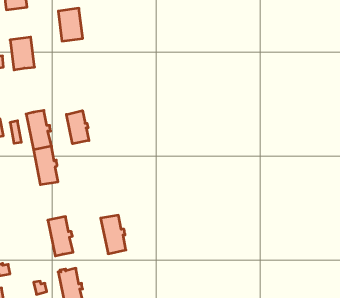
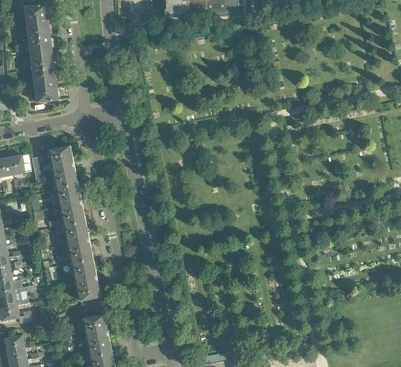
building: [58,8,83,41] -> [28,36,54,71]
building: [66,111,89,144] -> none
building: [101,215,126,254] -> [64,222,91,263]

